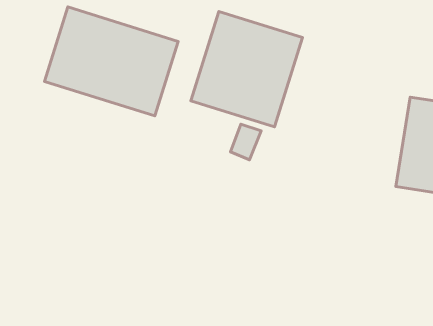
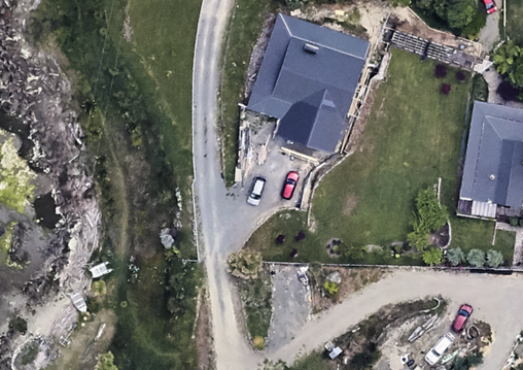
building: [44,7,178,116] -> none

